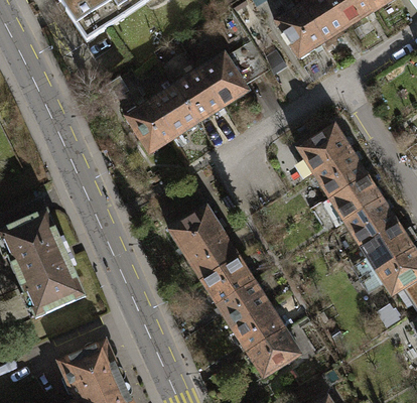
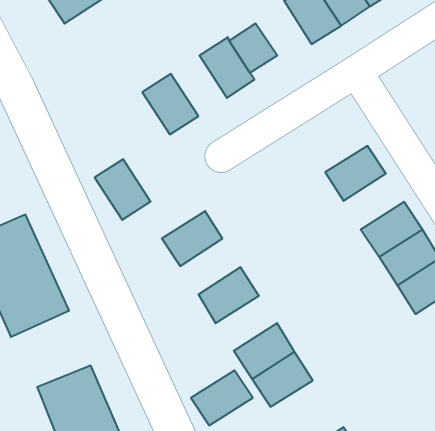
building: [176,68,226,121] -> none
building: [126,100,175,153] -> [95,159,151,220]
building: [296,122,350,170] -> none
building: [328,171,382,221] -> none
building: [184,229,238,278] -> none
building: [216,279,270,327] -> [191,370,253,425]

